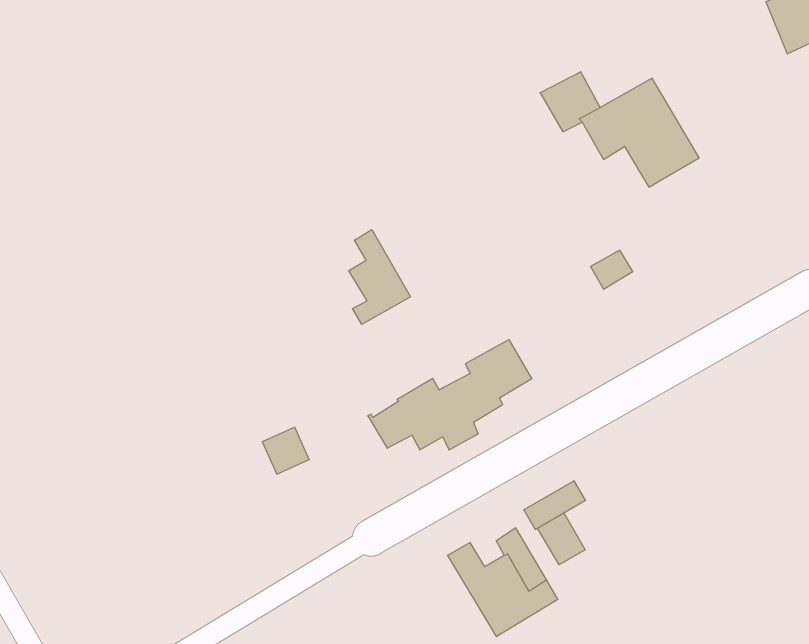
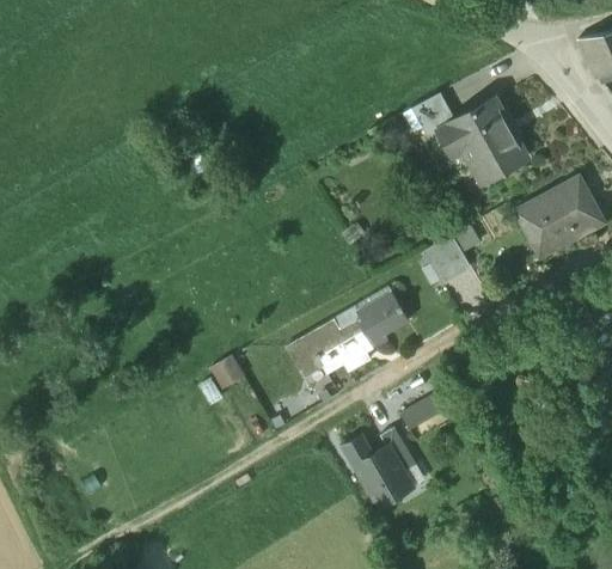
building: none -> [516,179,602,247]
building: [349,230,410,324] -> none
building: none -> [423,237,467,283]
building: [538,513,585,565] -> none

